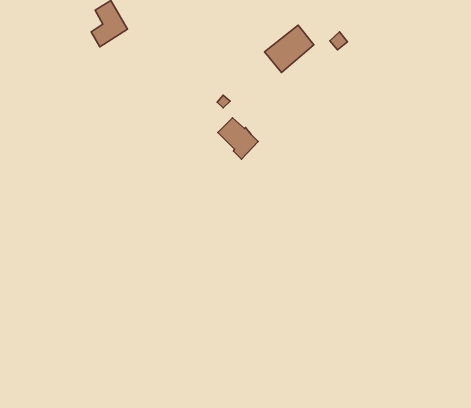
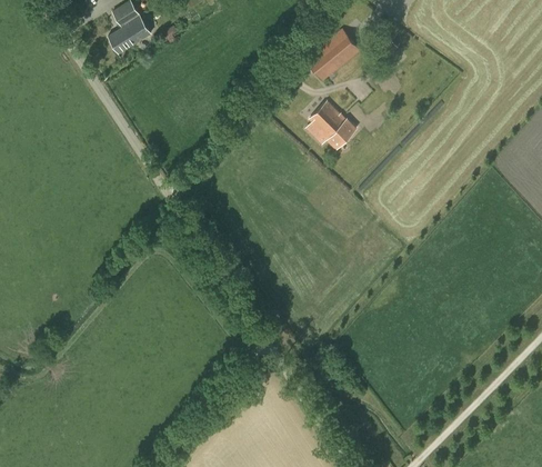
building: [218,118,258,159] -> [309,102,354,149]

